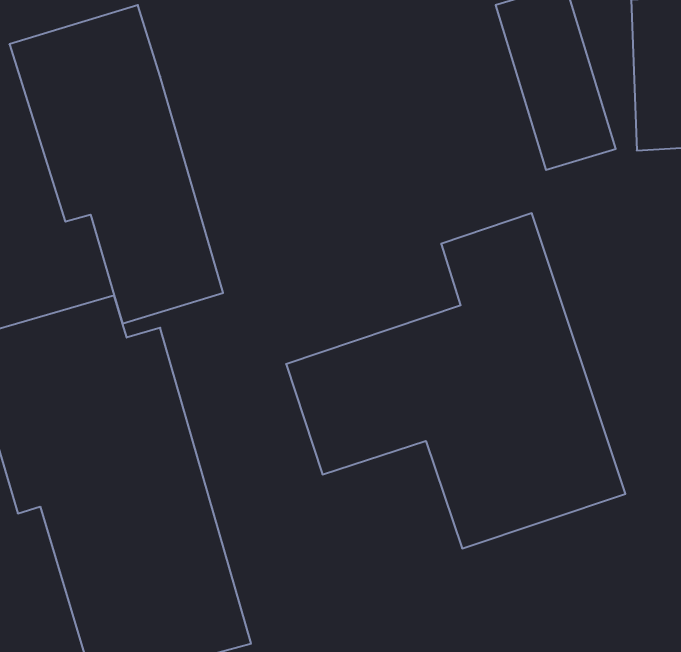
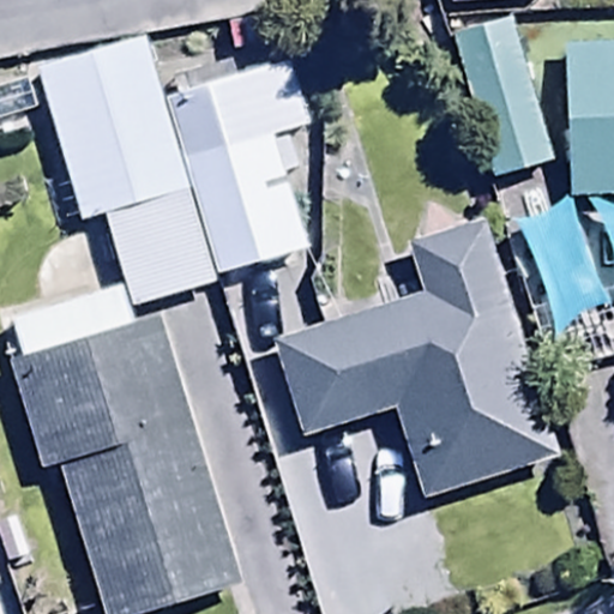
building: none -> [164,54,315,343]

